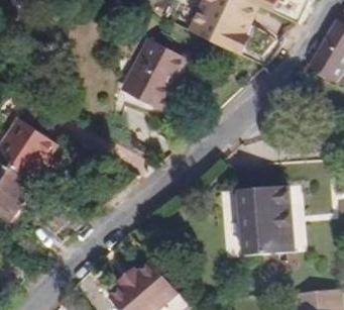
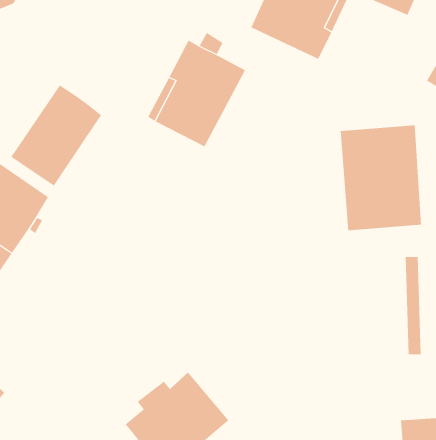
building: none -> [11,85,102,186]
building: [237,185,292,255] -> [340,125,422,231]

